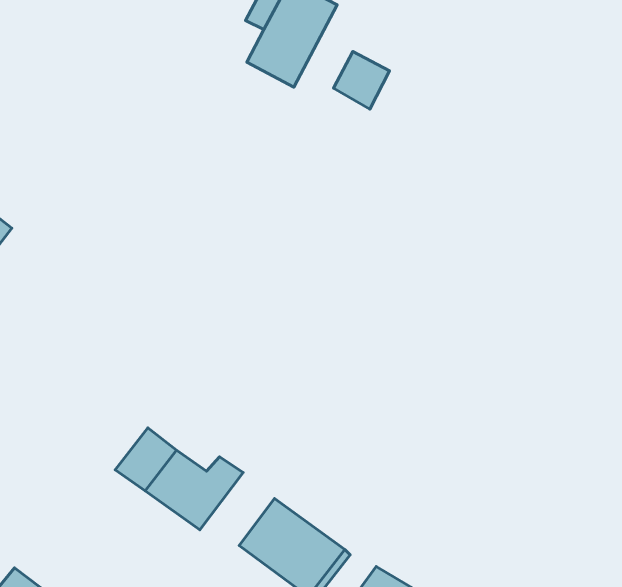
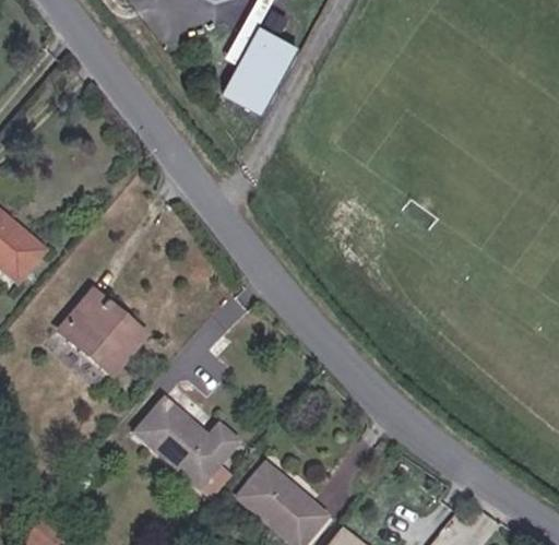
building: [333,51,390,109] -> none
building: none -> [59,293,139,368]

